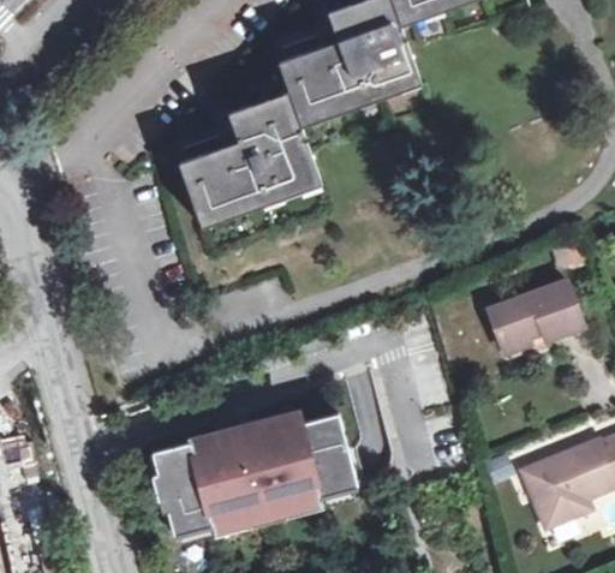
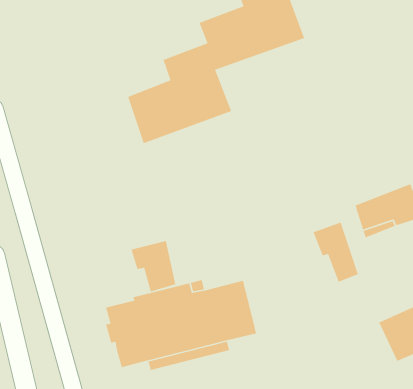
building: none -> [313,222,359,283]
building: none -> [131,240,176,292]

